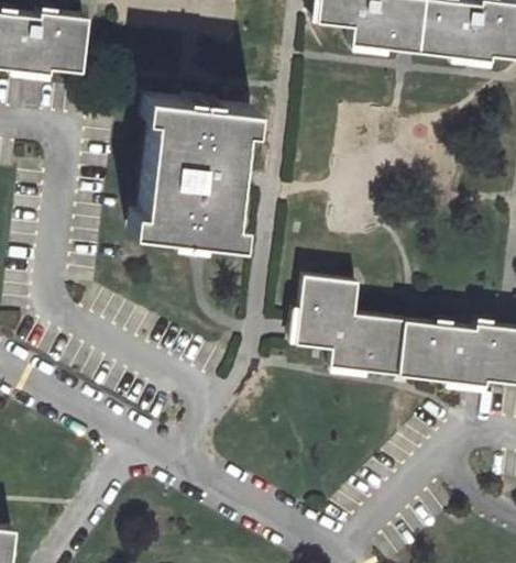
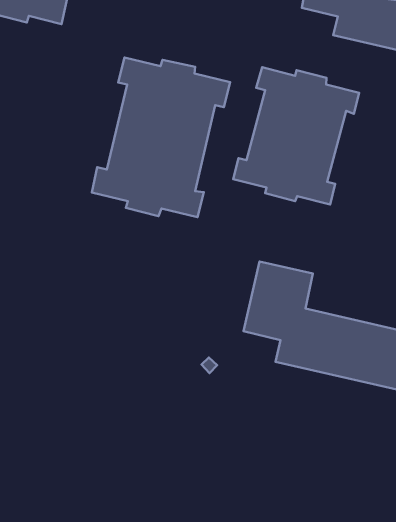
building: none -> [233,67,359,205]

